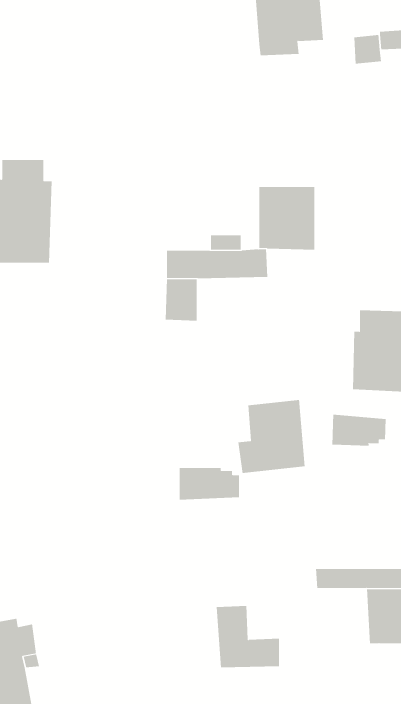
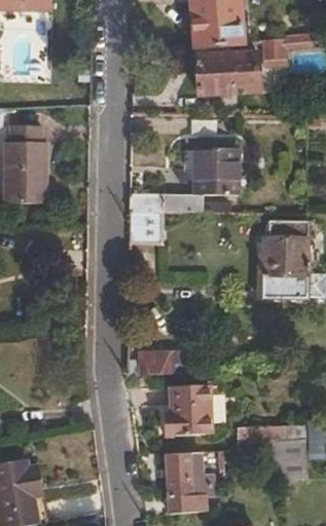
building: none -> [197,50,259,92]
building: [237,400,306,473] -> [164,382,213,436]
building: [332,414,386,447] -> none

